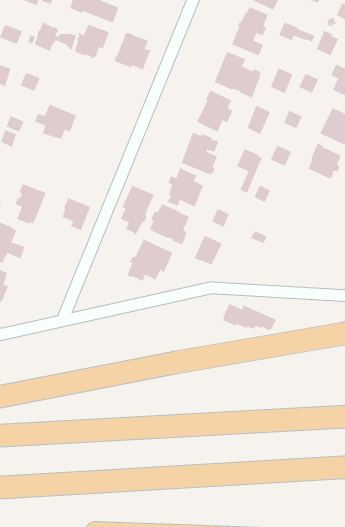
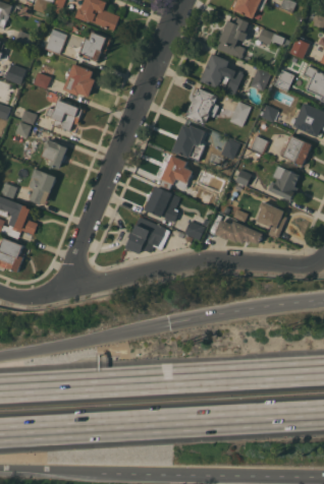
building: [114,32,151,71] -> [63,64,96,98]
building: none -> [268,166,300,200]
building: [120,185,155,236] -> none
building: [62,197,91,231] -> [42,139,67,169]
building: none -> [257,201,286,238]
building: [222,303,277,331] -> [215,220,263,244]

